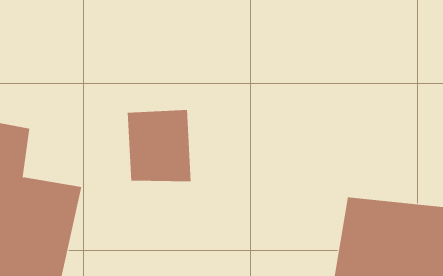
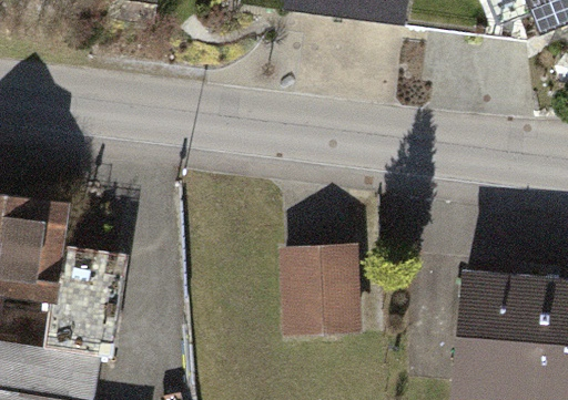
building: [127,110,192,182] -> [273,246,352,334]

